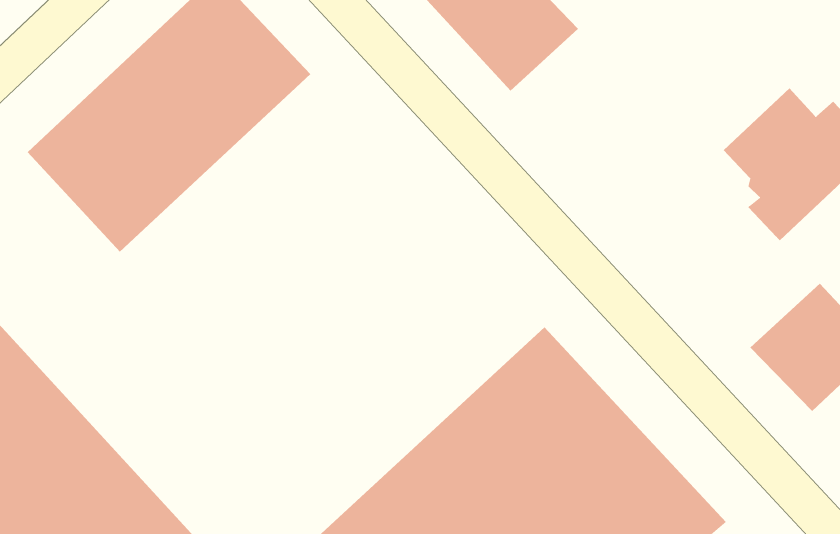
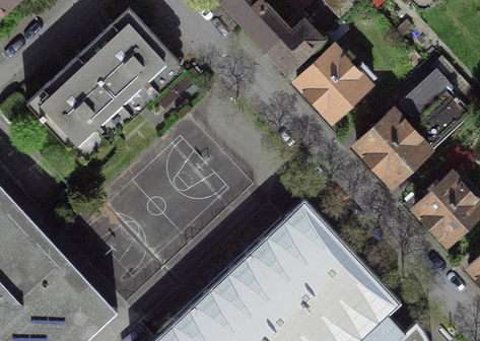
building: none -> [295,48,374,120]
building: none -> [355,112,427,184]

